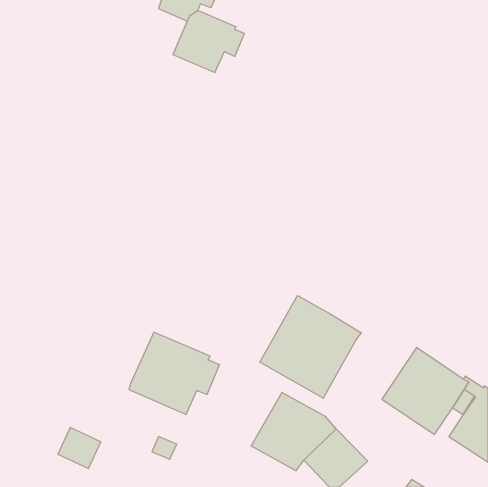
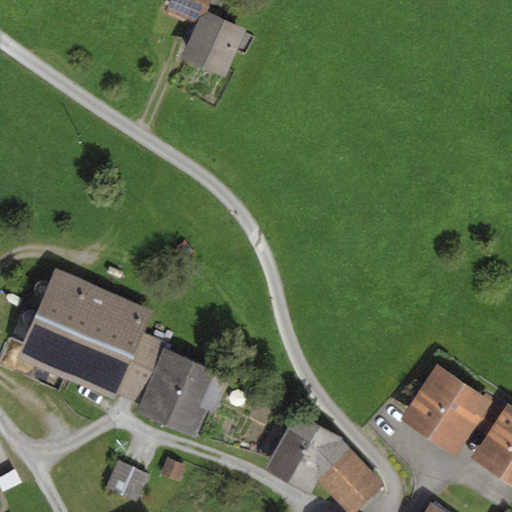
building: none -> [17,268,164,401]
building: [260,296,361,398] -> none
building: [58,427,101,469] -> [104,459,149,502]

